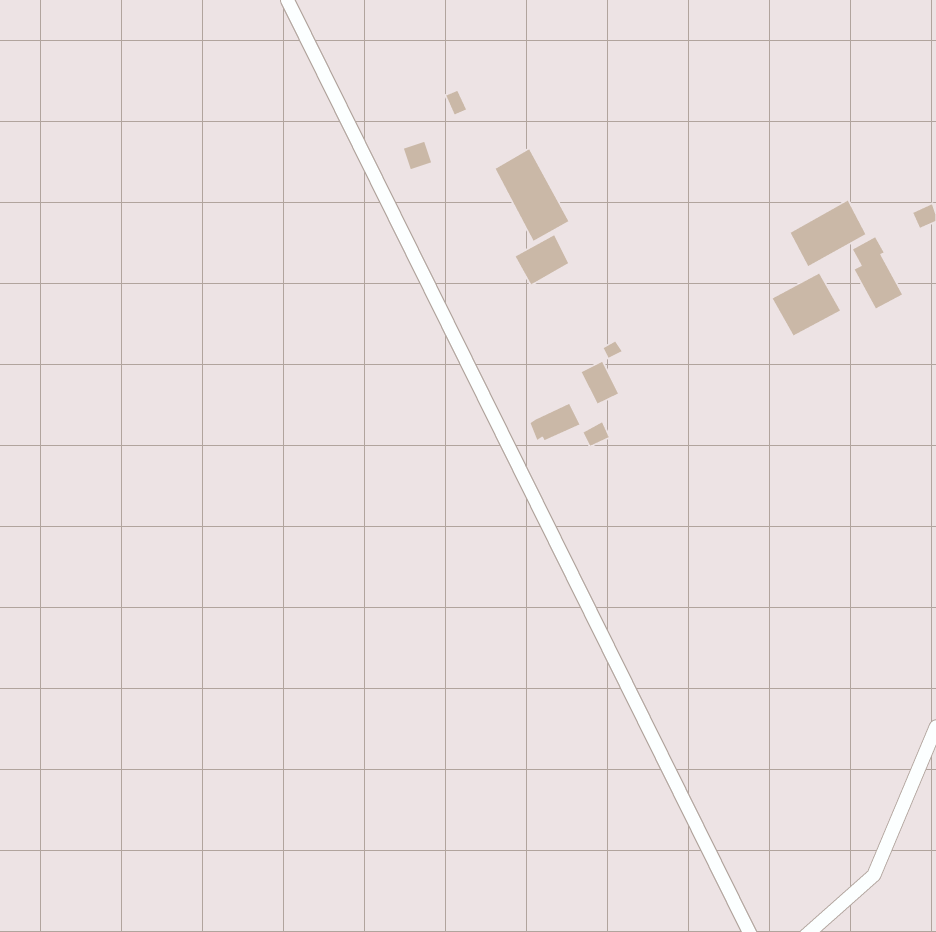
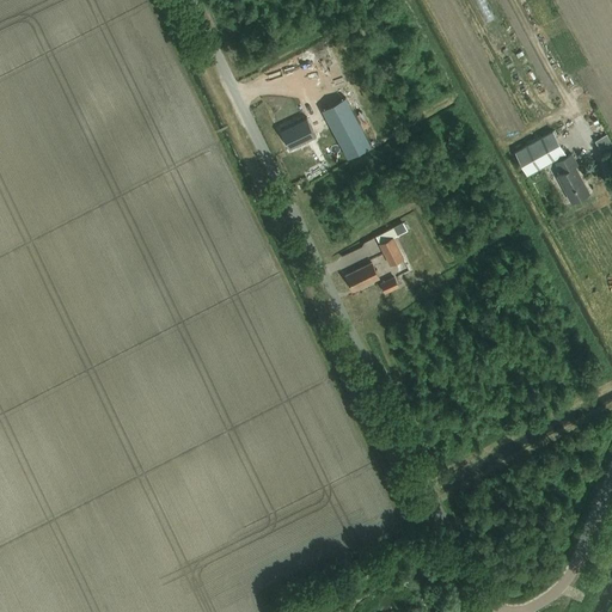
building: [514,234,569,286] -> [280,120,316,153]
building: [771,272,841,336] -> none

